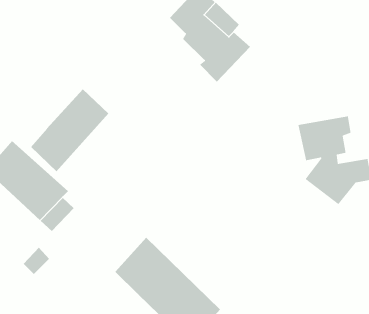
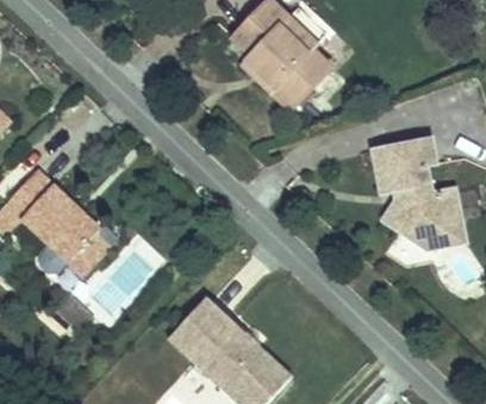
building: [30,88,109,172] -> none

